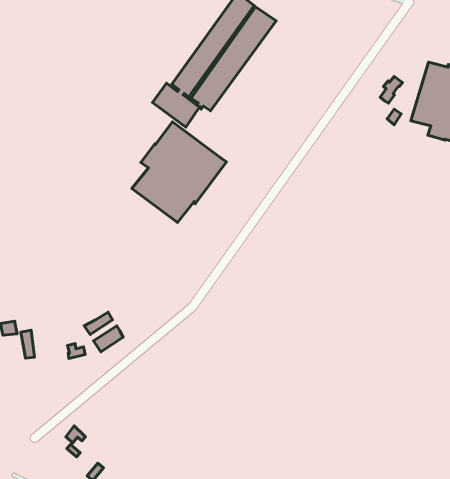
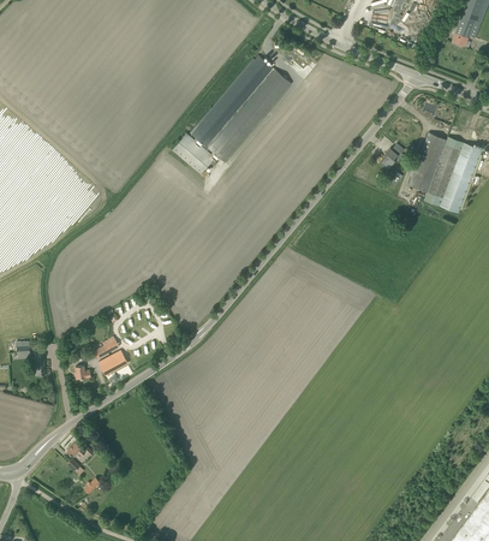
building: [132,122,227,222] -> none

